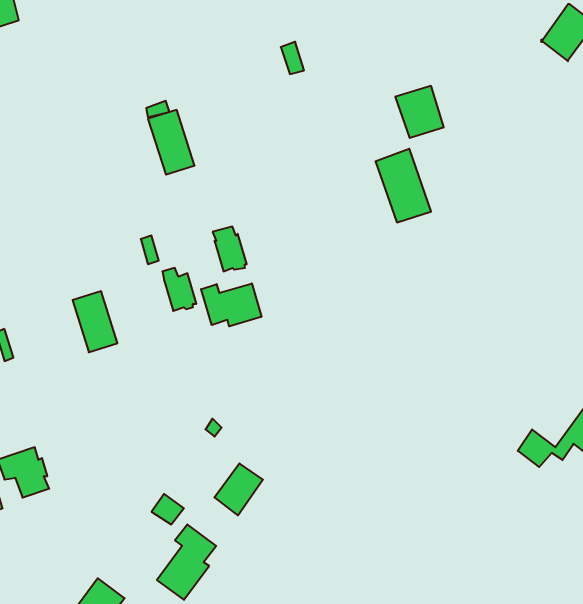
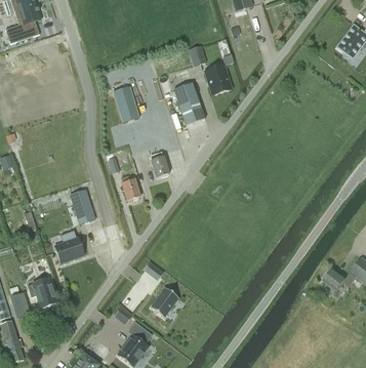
building: [395,86,444,138] -> [204,65,232,94]
building: [375,149,431,222] -> [173,82,205,124]
building: [201,283,261,326] -> none
building: none -> [54,237,84,262]

